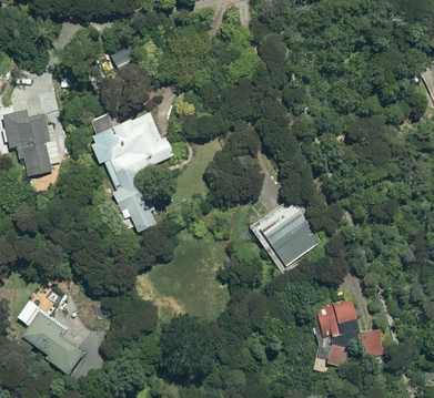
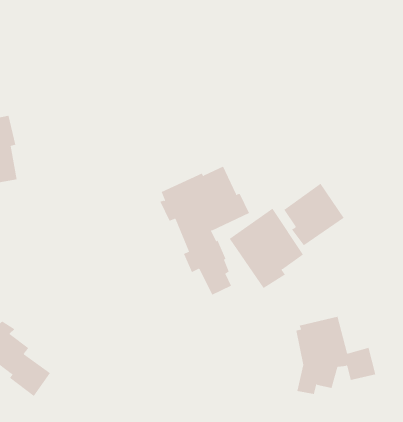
building: [90,110,174,231] -> [160,166,250,295]
building: none -> [284,183,344,246]

